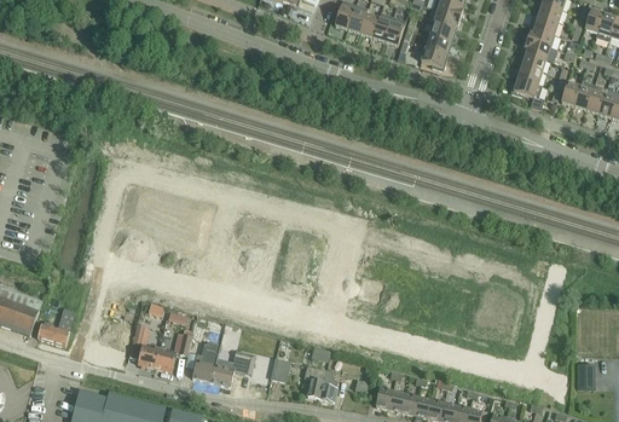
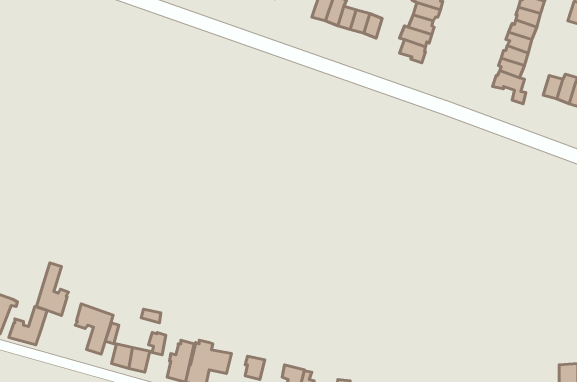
building: none -> [36,263,69,316]
building: none -> [75,304,113,354]

